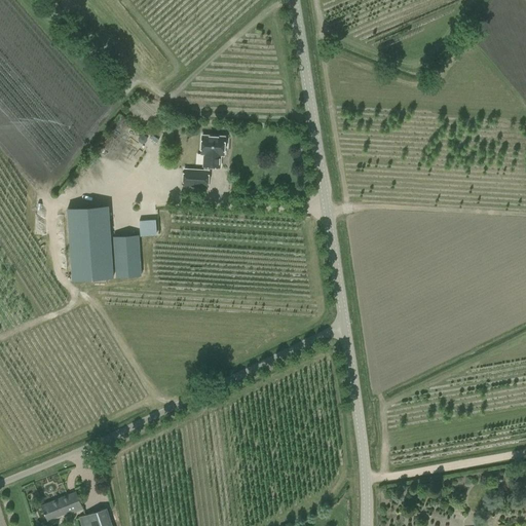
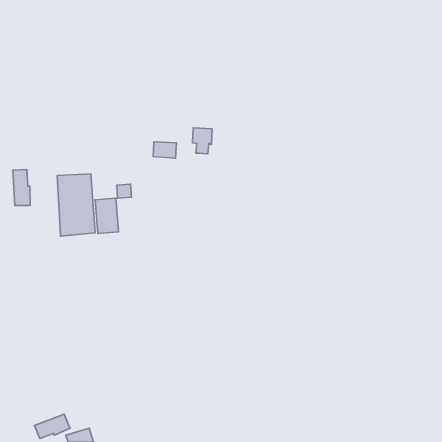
building: [200,136,224,166] -> [192,128,212,154]
building: none -> [13,170,30,206]

